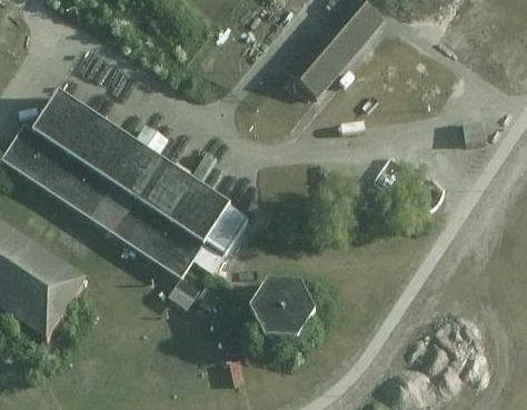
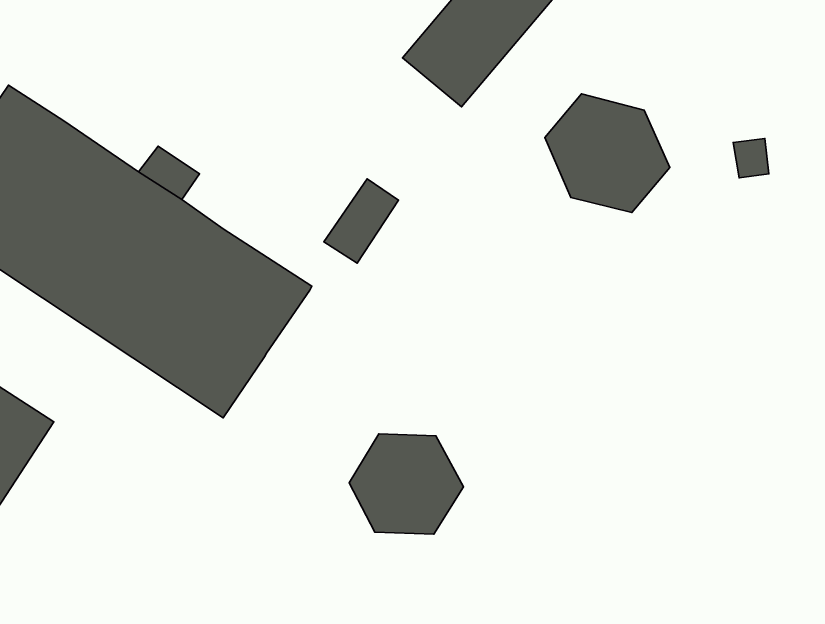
building: none -> [545,94,670,213]
building: [206,203,248,251] -> [324,179,399,263]

